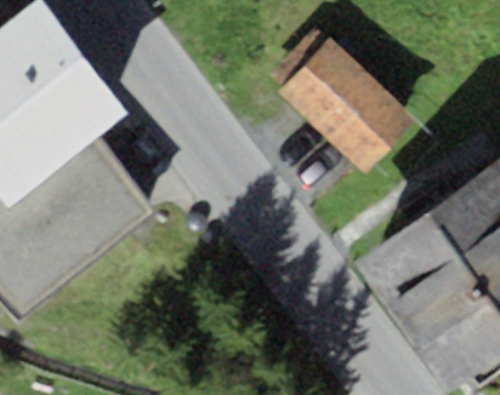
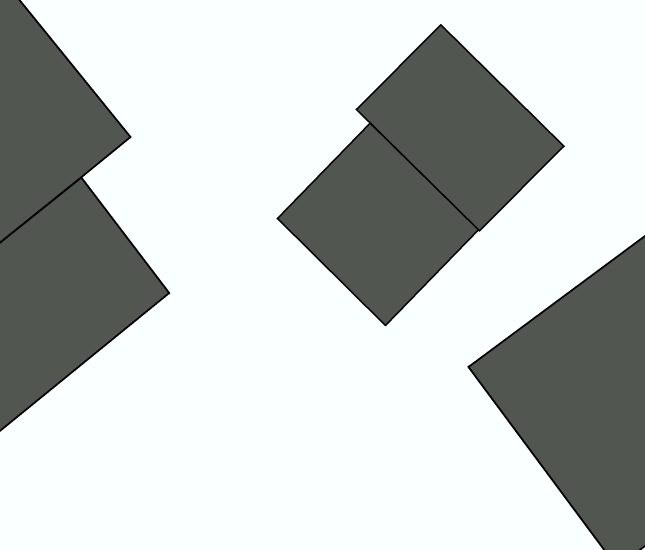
building: none -> [277,123,478,325]

